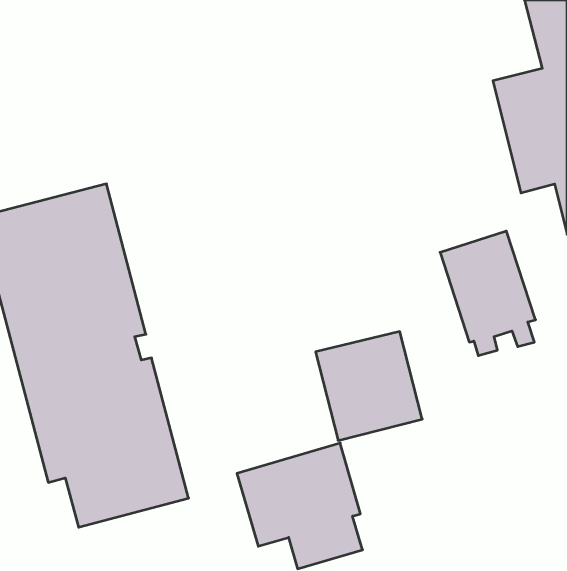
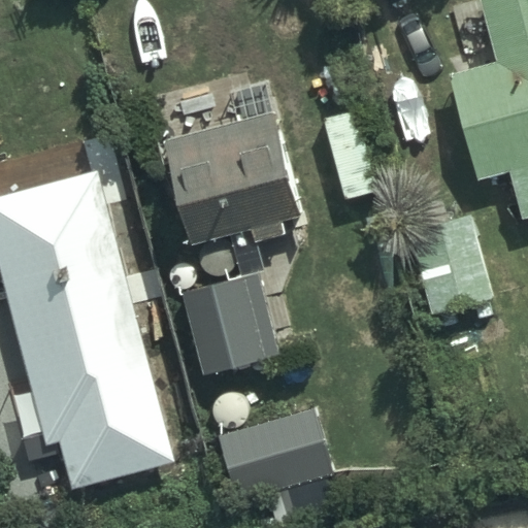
building: none -> [145,70,300,244]
building: [316,332,422,440] -> [180,274,278,374]

